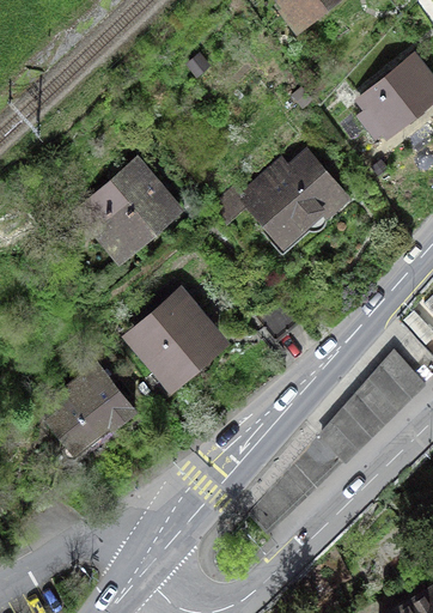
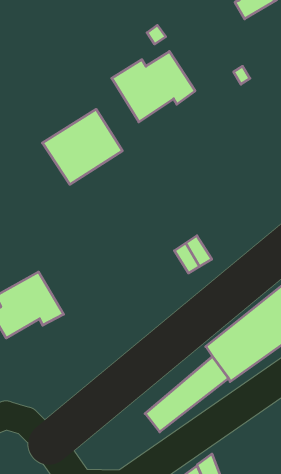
building: [244,156,344,244] -> [112,51,195,122]
building: [133,297,213,381] -> none

